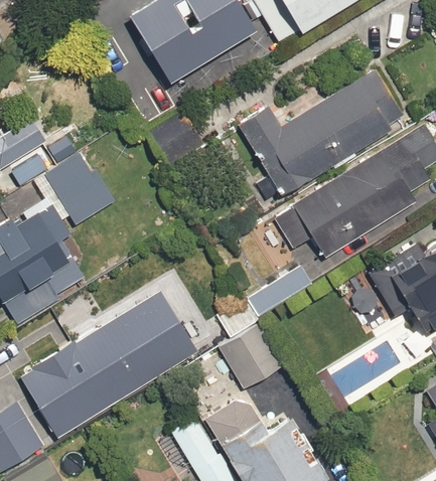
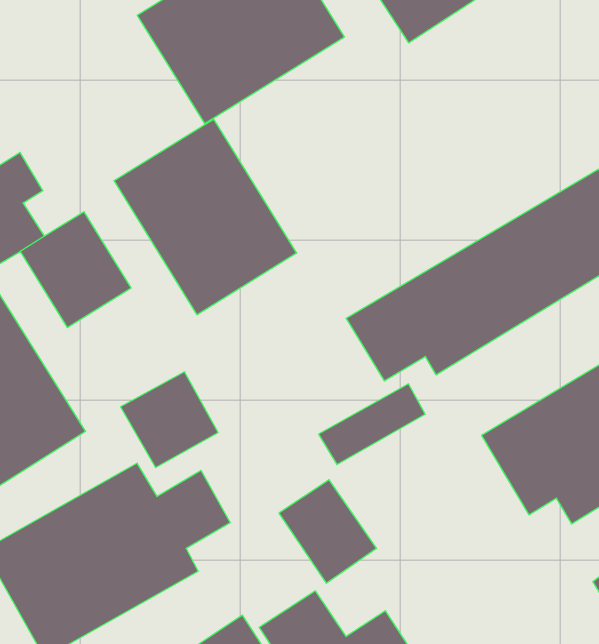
building: [236,67,403,195] -> none
building: none -> [114,119,297,315]

